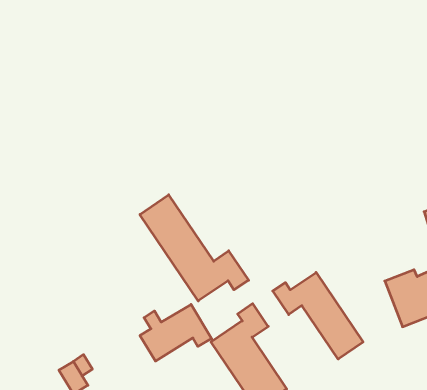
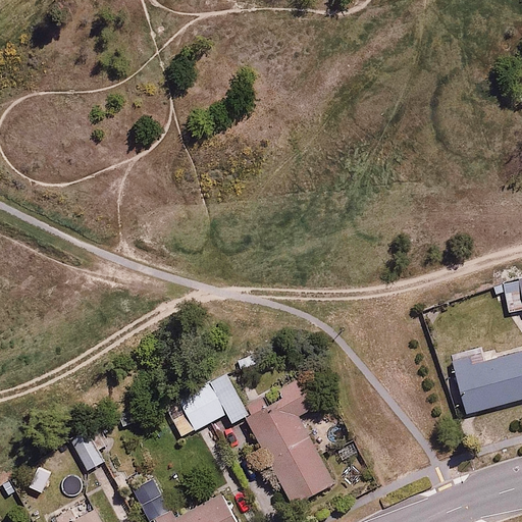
building: [140,195,249,301] -> none
building: [273,272,363,359] -> none

